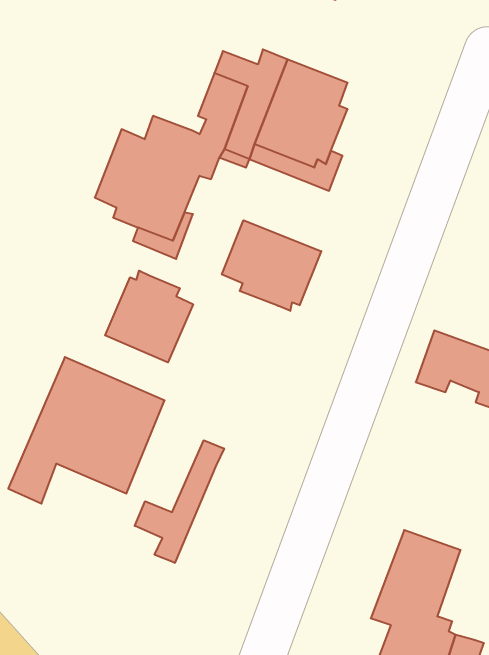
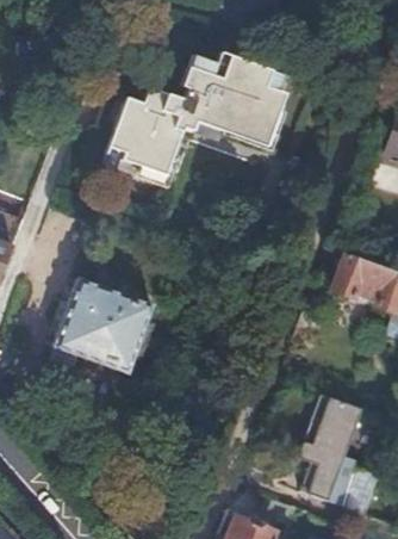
building: [222,220,321,311] -> none
building: [105,271,193,362] -> none
building: [135,440,224,563] -> none

